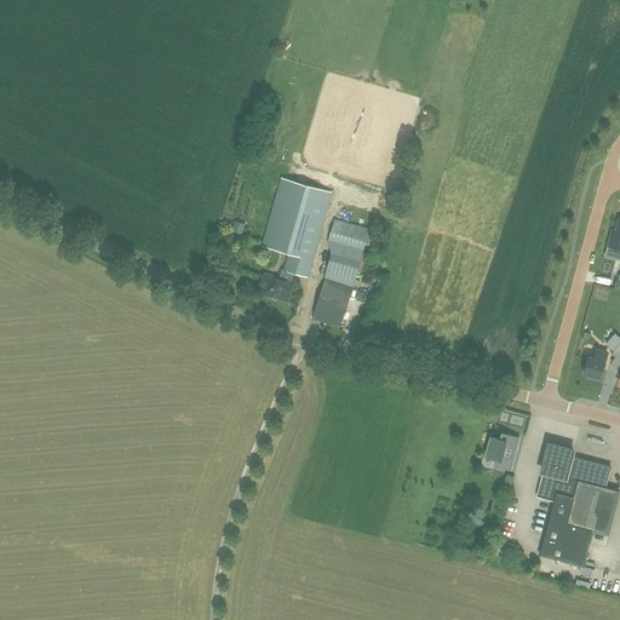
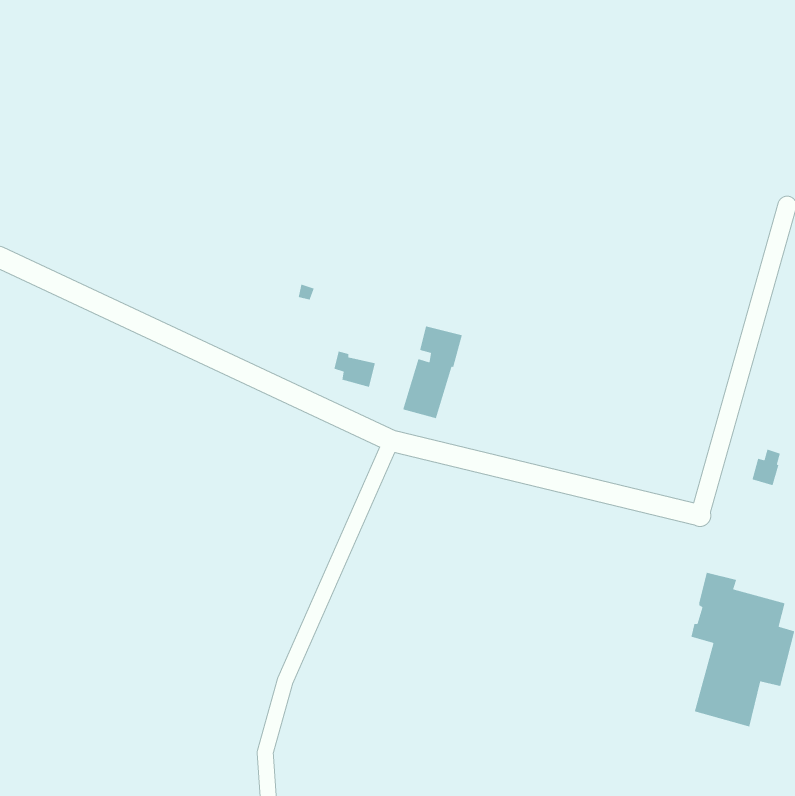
building: [262,178,331,277] -> none
building: [328,218,377,249] -> none
building: [486,434,518,469] -> none

